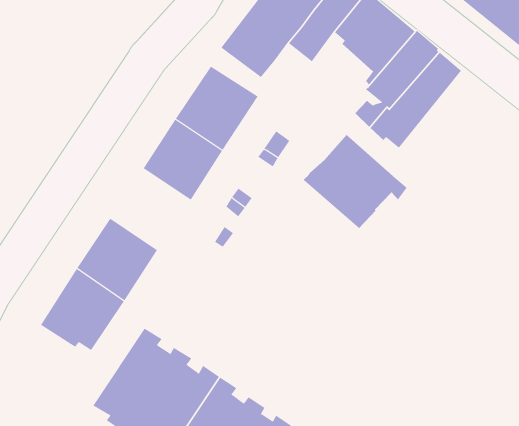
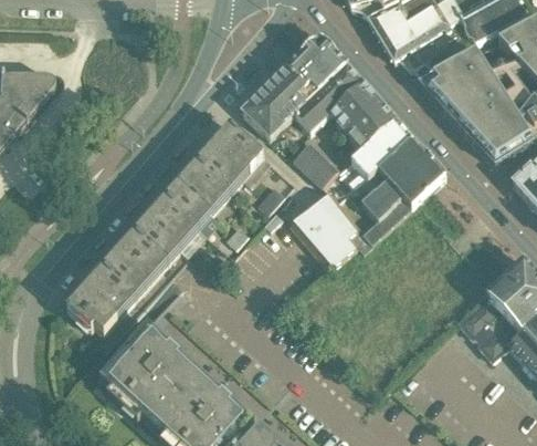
building: none -> [365,153,445,239]
building: none -> [293,136,339,181]
building: none -> [134,193,200,259]

